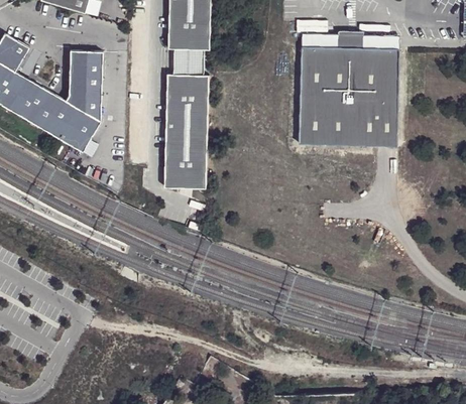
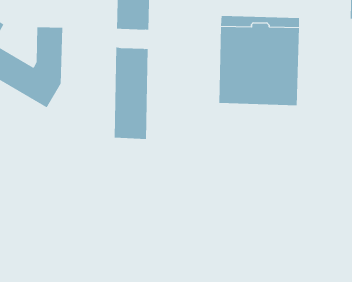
building: [176,52,206,77] -> none

